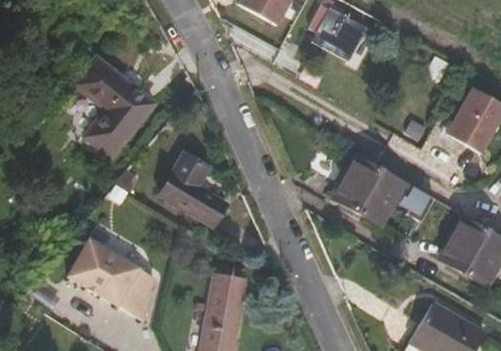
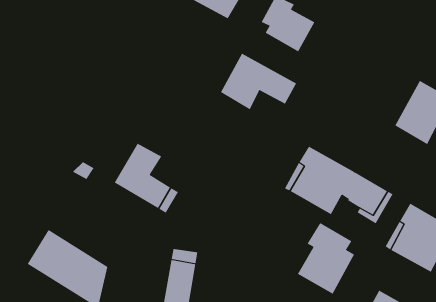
building: none -> [220,53,297,110]
building: [74,59,154,157] -> none
building: none -> [297,222,355,294]

